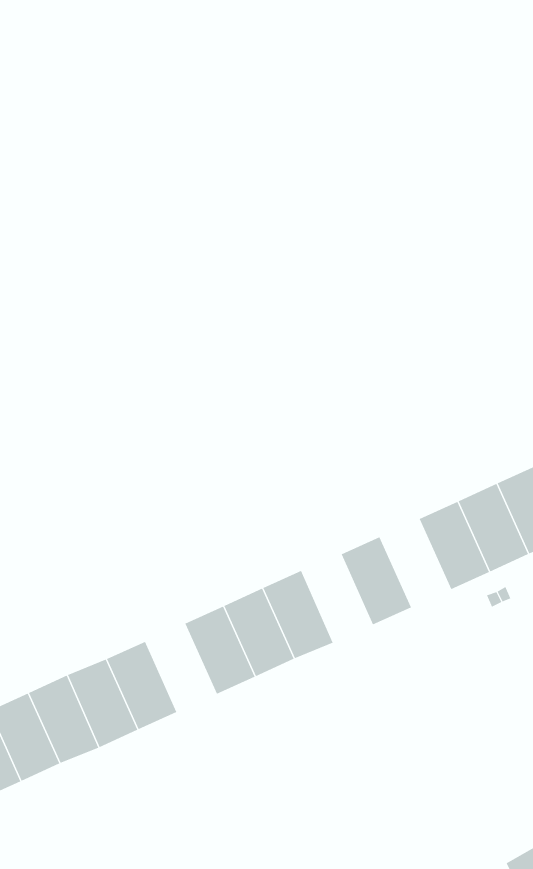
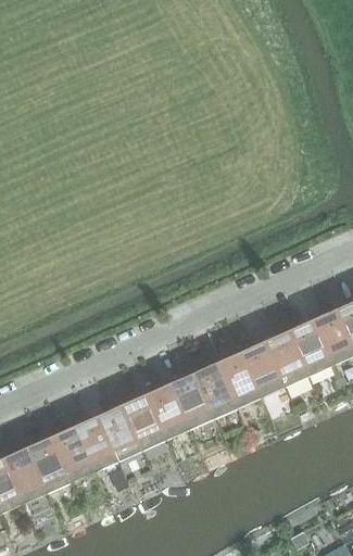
building: none -> [259,333,302,388]
building: none -> [211,355,254,409]
building: none -> [115,397,159,452]

